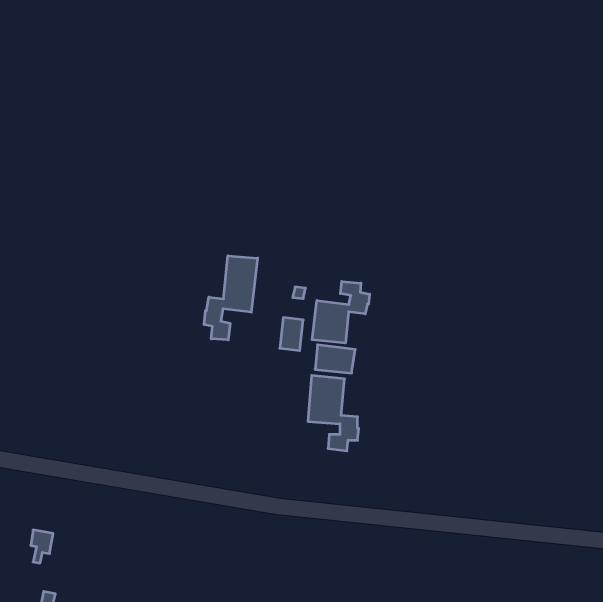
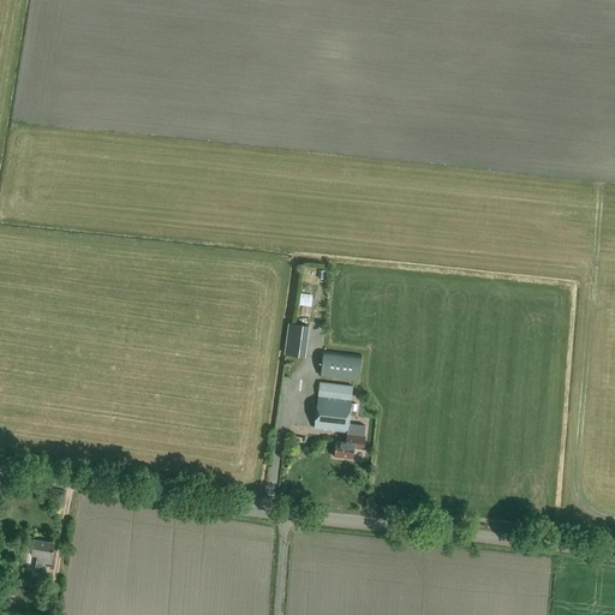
building: [204,256,258,340] -> none
building: [312,281,370,343] -> none

